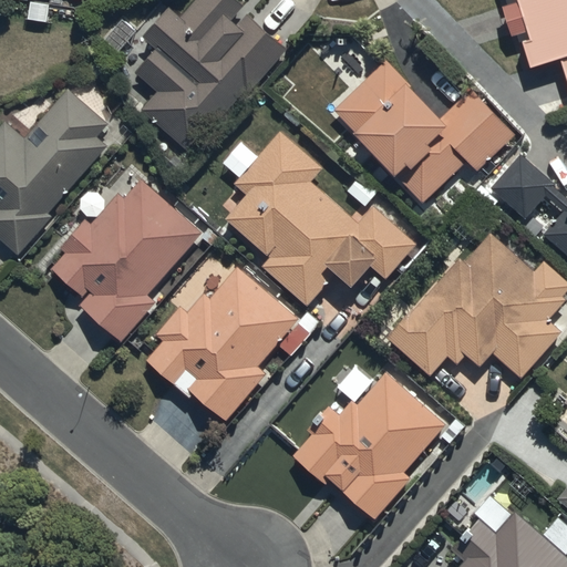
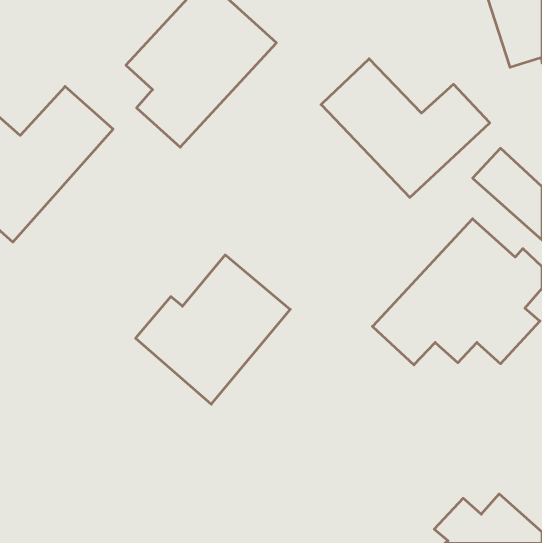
building: [224,132,416,305] -> none
building: [43,175,205,340] -> none
building: [295,369,447,526] -> none

